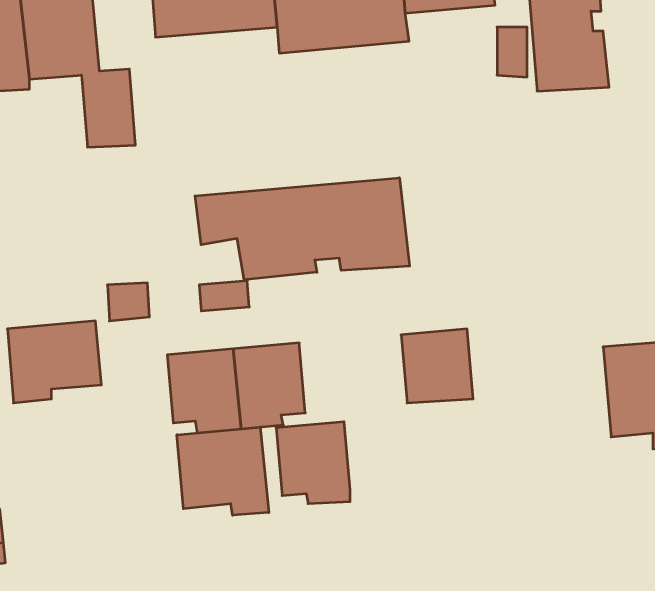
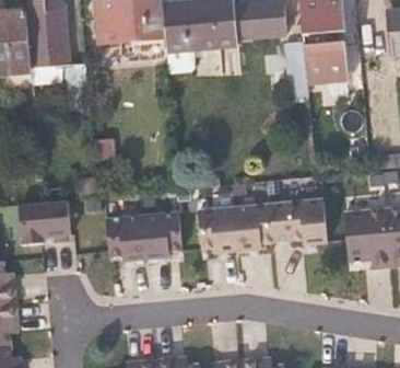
building: [195,178,410,280] -> none
building: none -> [270,199,327,248]
building: [276,422,350,504] -> [197,207,237,252]
building: [177,427,269,515] -> none

